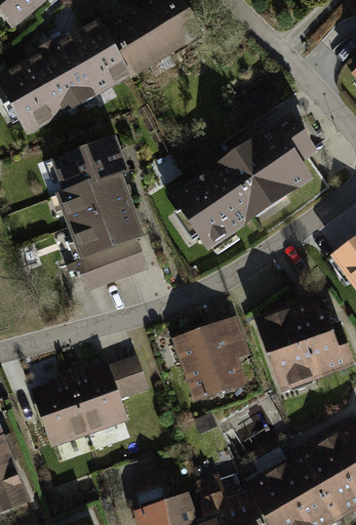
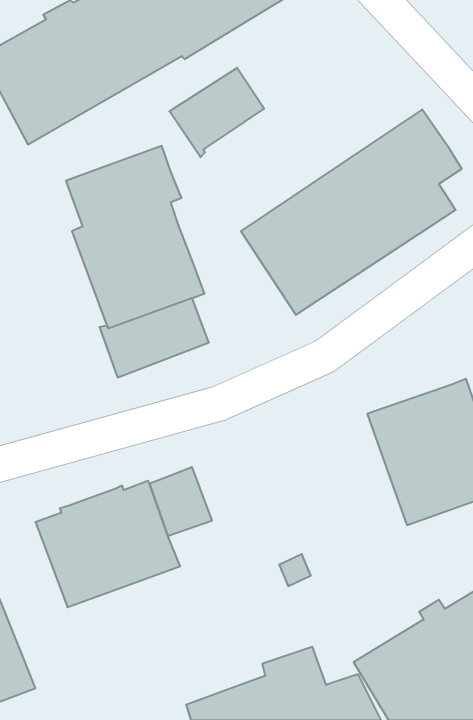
building: none -> [169,68,264,157]
building: [171,314,252,401] -> none

